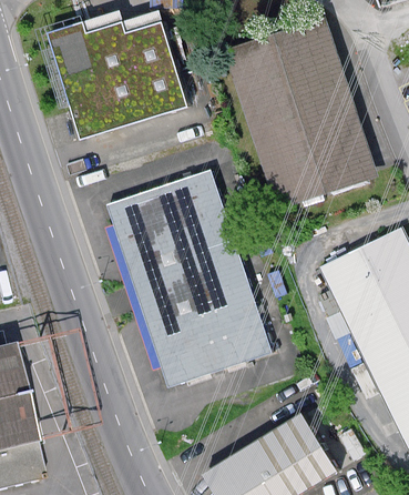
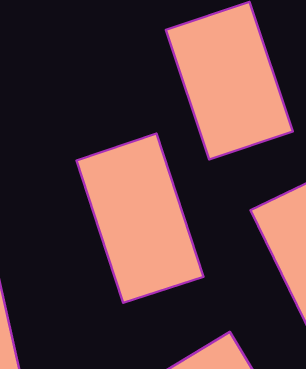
building: [51,24,185,138] -> none

